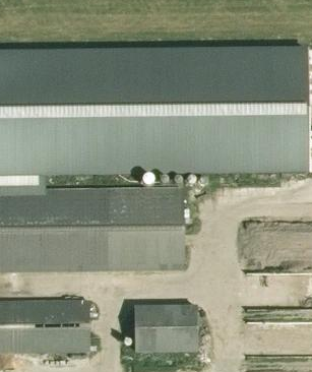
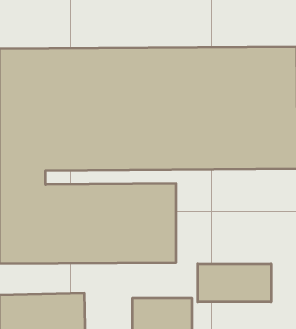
building: none -> [198,264,271,302]

